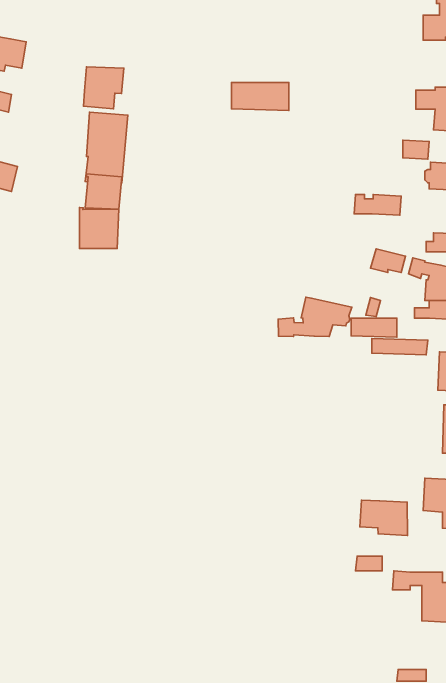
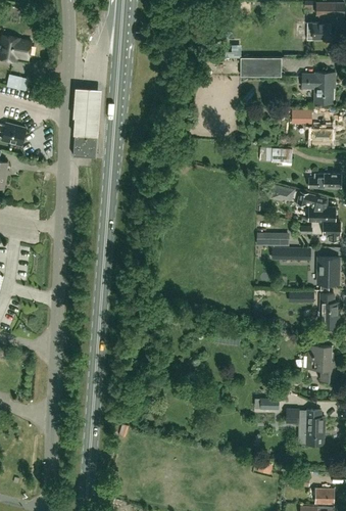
building: [83,67,124,109] -> none
building: [232,83,289,110] -> [241,58,281,78]
building: [79,208,119,249] -> none
building: [278,297,352,336] -> none
building: [360,500,407,535] -> none

